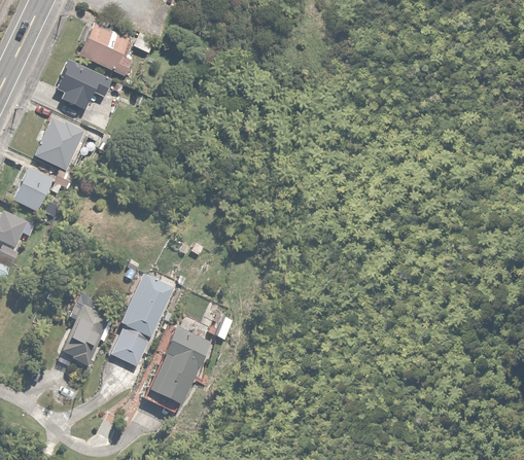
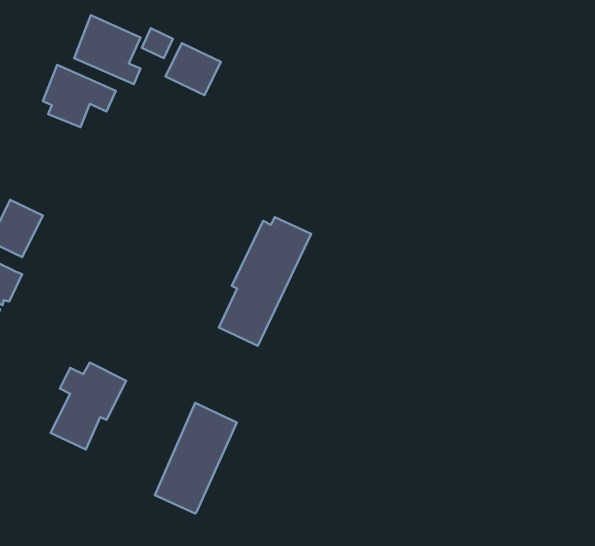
building: none -> [165,43,221,95]
building: [33,115,86,193] -> none
building: [109,269,182,370] -> [219,217,311,346]

